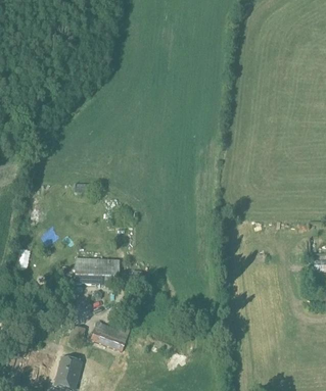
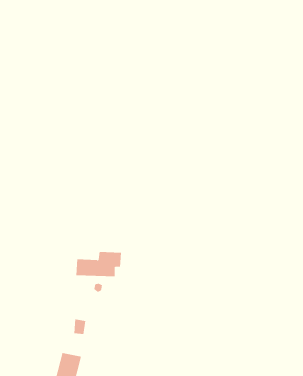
building: [90,323,127,349] -> none

